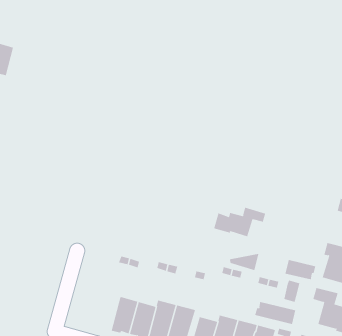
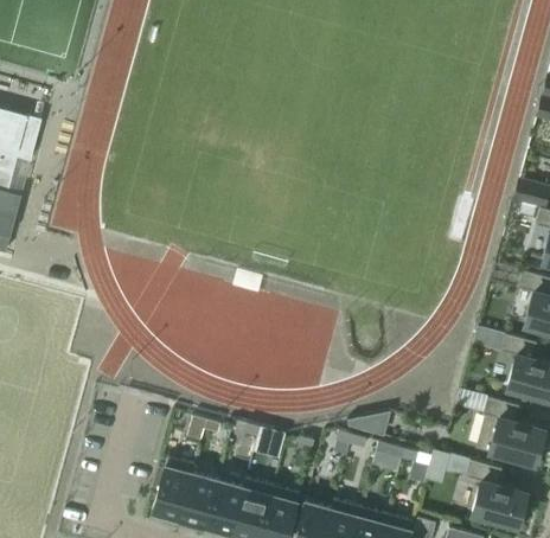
building: [214,207,266,237] -> none
building: [285,259,316,280] -> none
building: none -> [151,459,194,524]
building: [255,301,296,325] -> none

